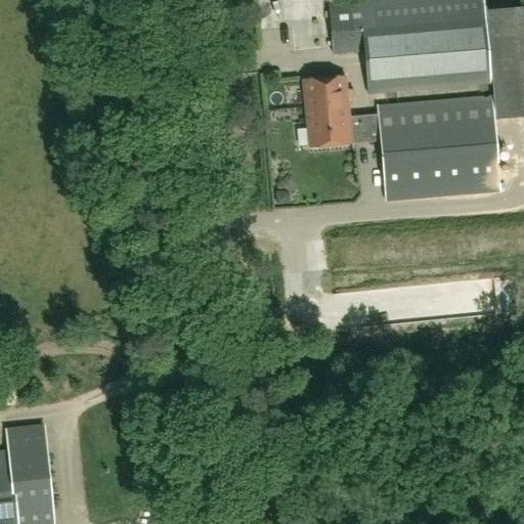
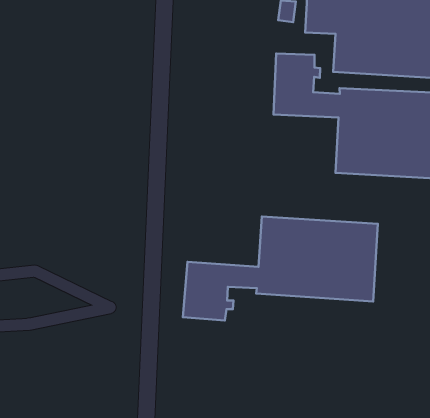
building: none -> [183,217,378,320]

